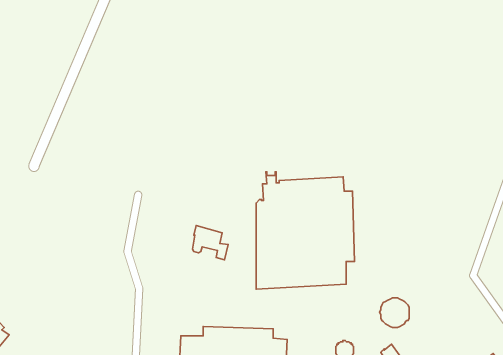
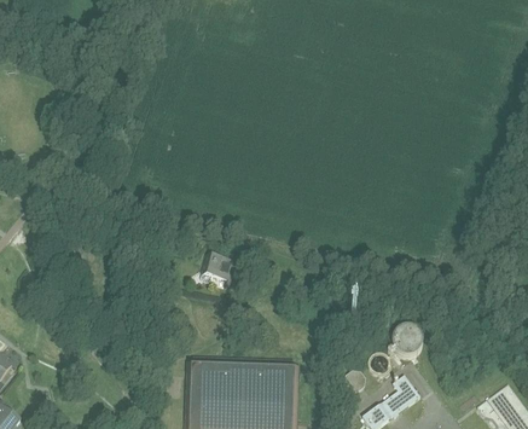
building: [256,172,355,289] -> none

